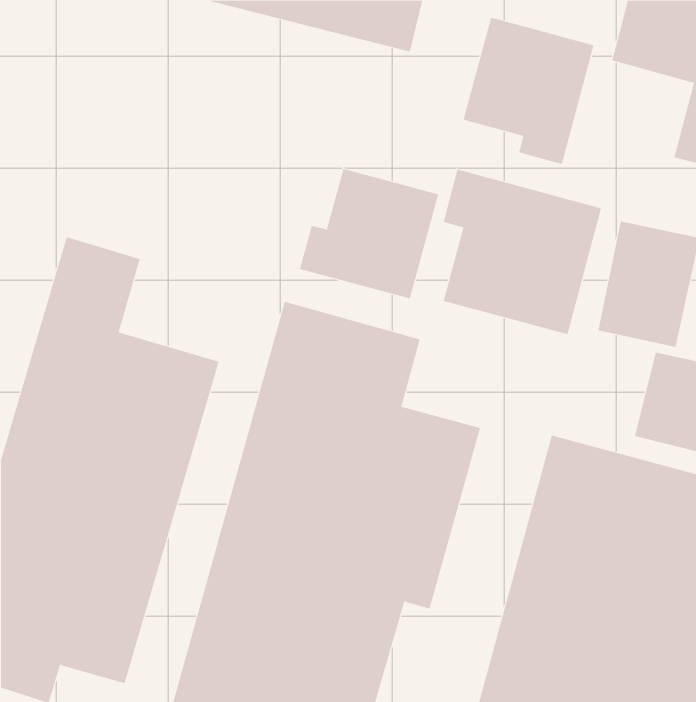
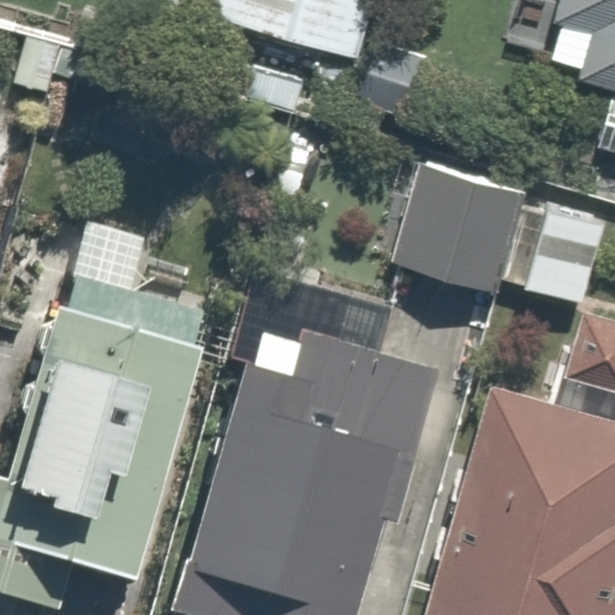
building: [463,17,594,165] -> none
building: [299,168,439,299] -> none

